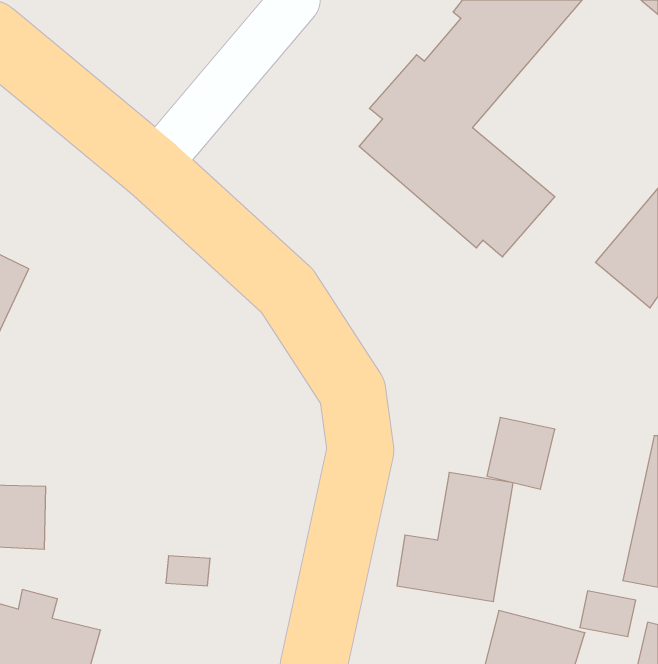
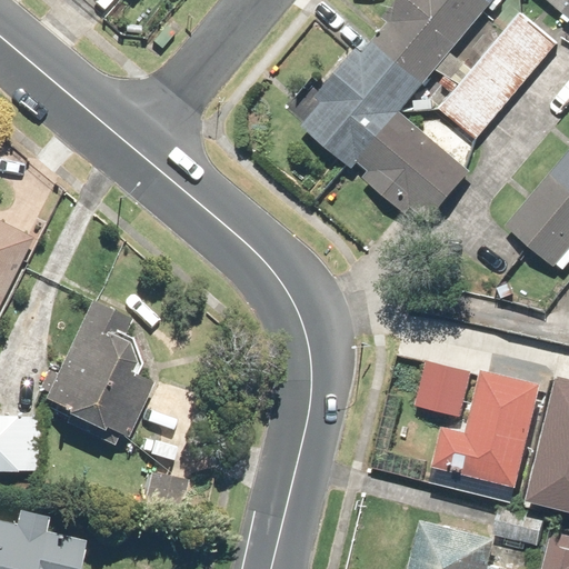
building: none -> [437,13,555,141]
building: none -> [33,308,149,448]
building: [397,472,513,602] -> [437,373,536,483]

